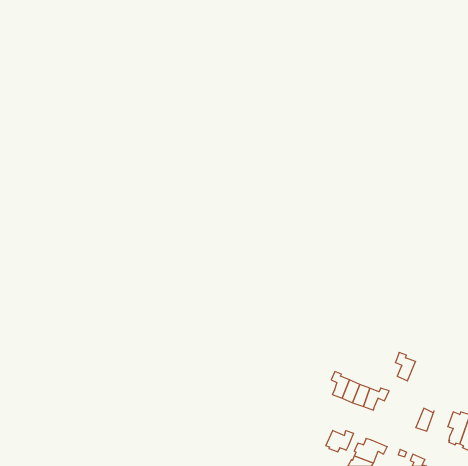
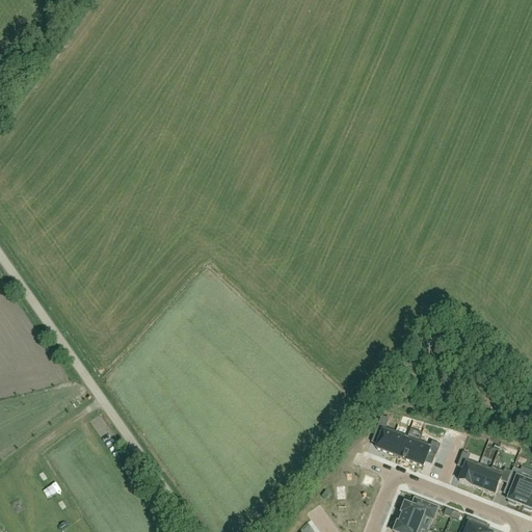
building: [395,352,416,381] -> [458,452,481,484]
building: none -> [484,466,513,494]
building: [326,430,354,452] -> none

